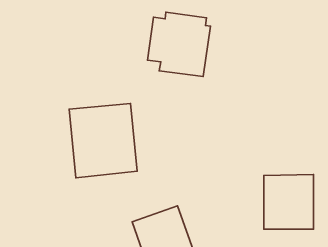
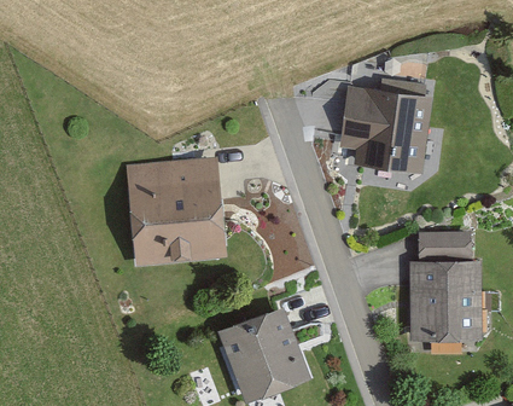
building: [148,12,211,77] -> [339,79,431,173]
building: none -> [418,233,468,260]

